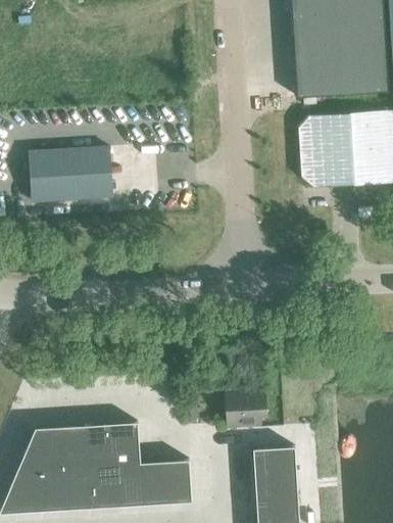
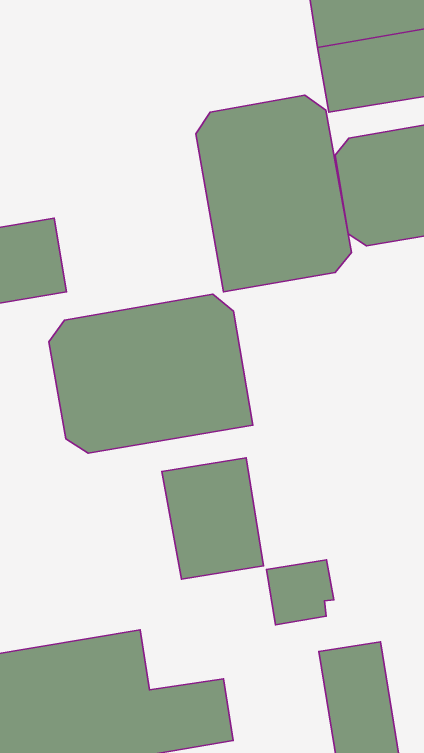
building: none -> [196,95,351,292]
building: none -> [49,294,253,453]
building: none -> [162,458,264,579]

